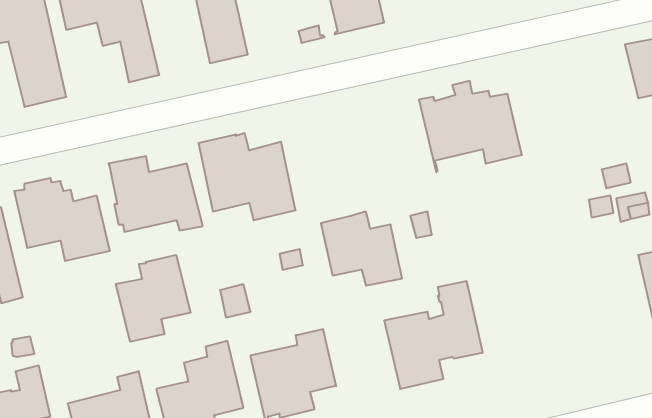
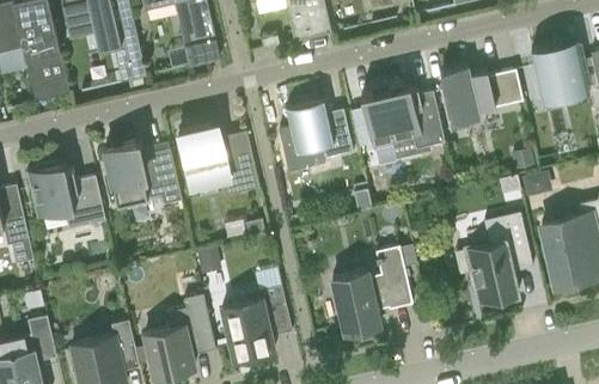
building: none -> [440,67,522,127]
building: [321,212,402,286] -> [286,100,353,161]
building: none -> [454,214,532,306]
building: [116,255,191,342] -> none

